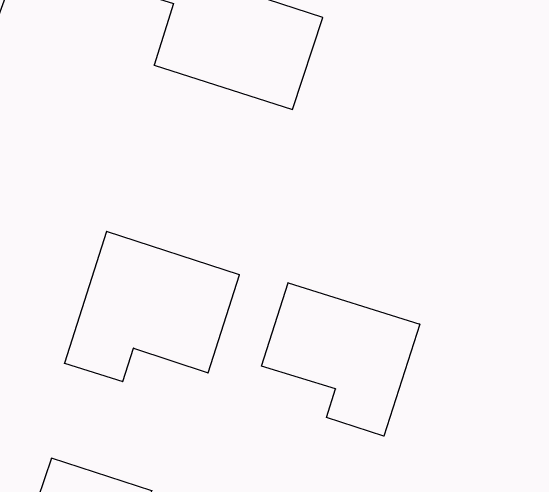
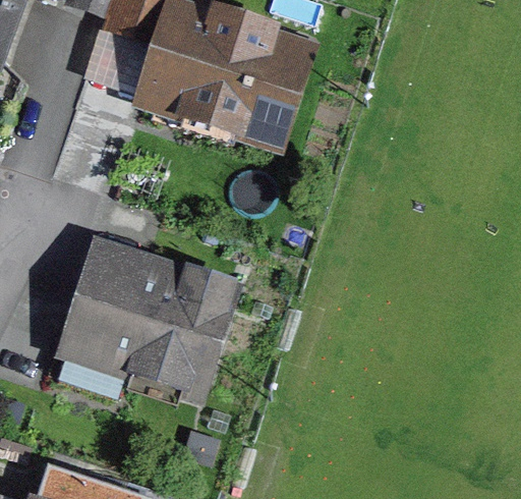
building: [261,283,420,436] -> none

